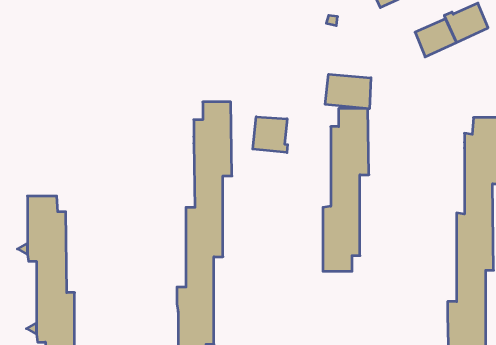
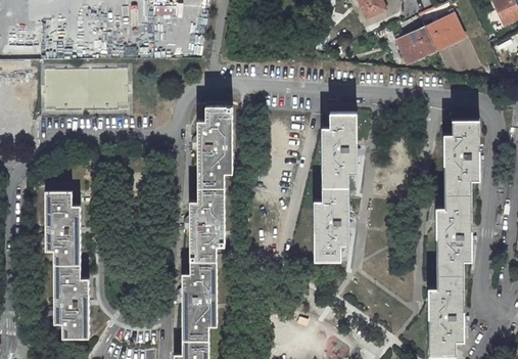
building: [325,74,371,109] -> none
building: [253,117,288,153] -> none

